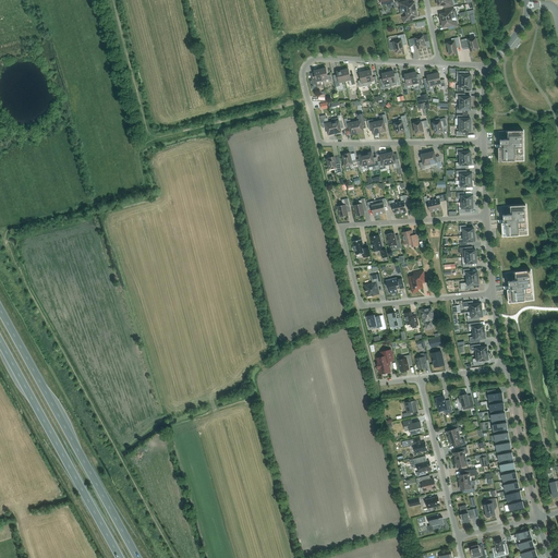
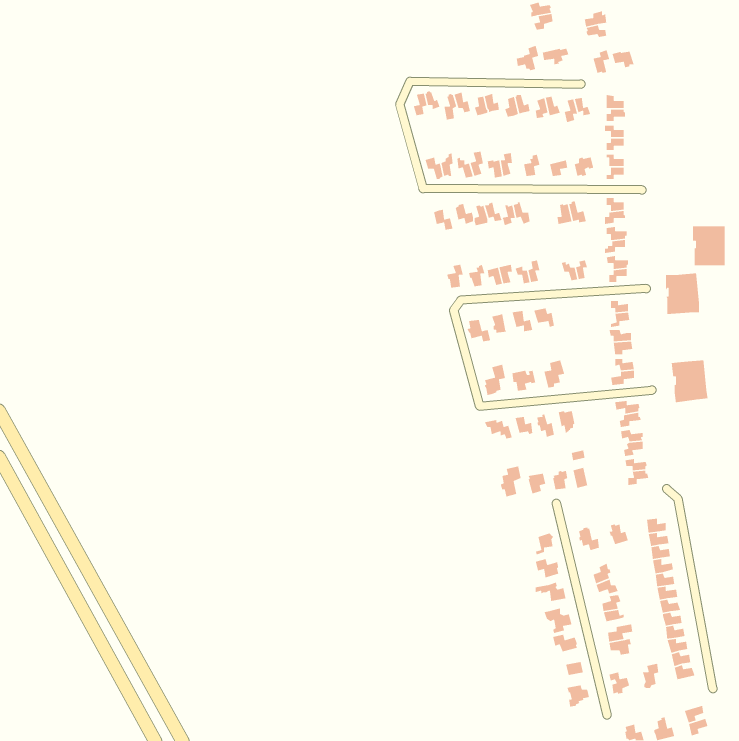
building: [497,131,522,161] -> [692,226,726,266]

